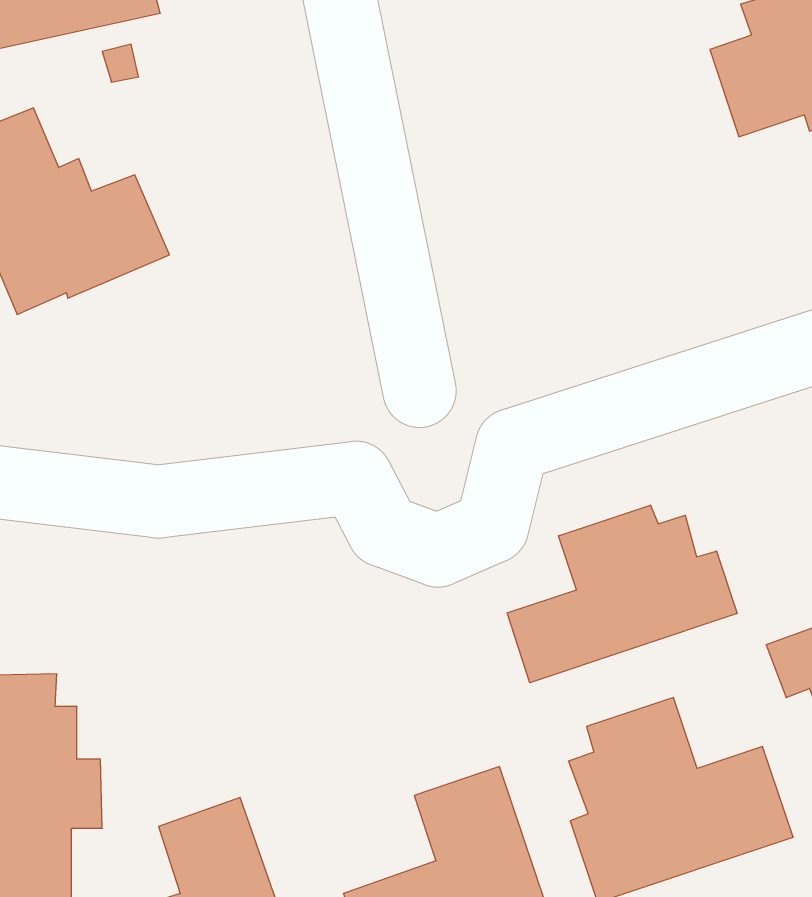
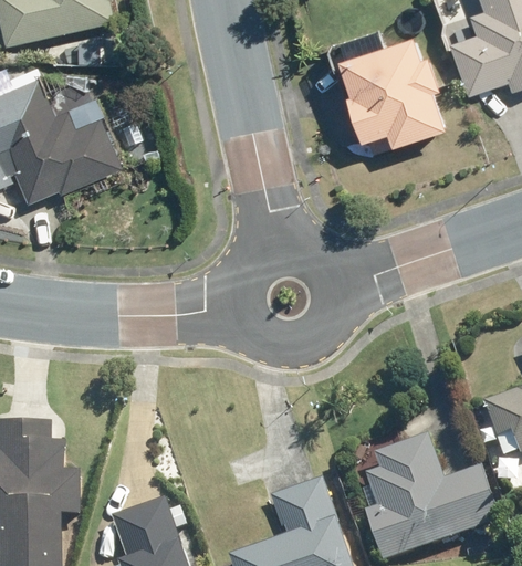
building: none -> [343,35,448,146]
building: [507,505,737,683] -> none

